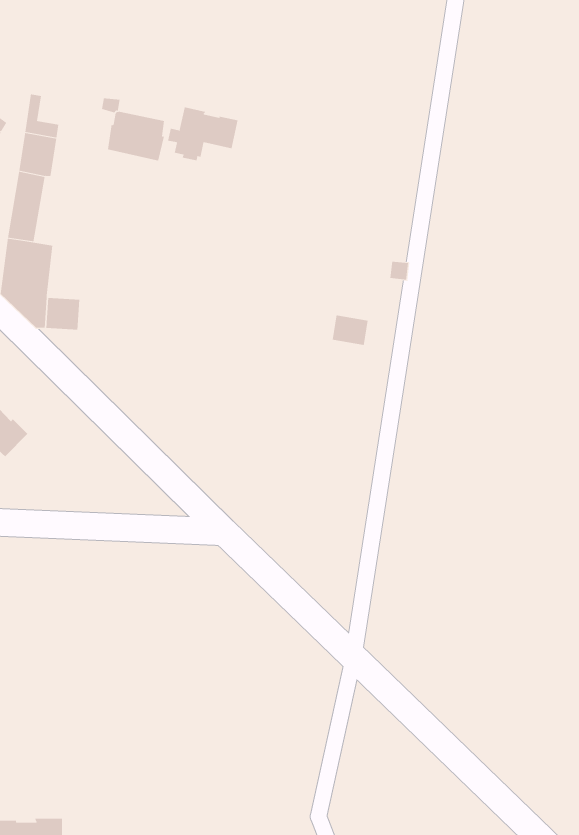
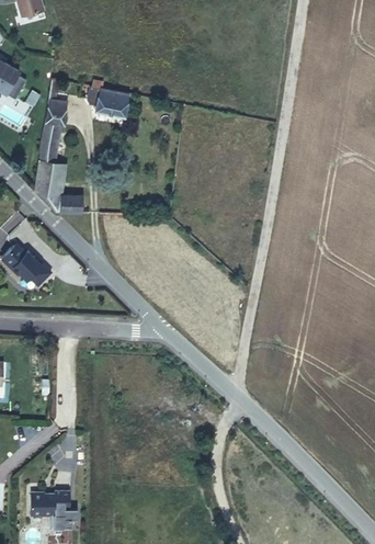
building: [168,106,238,161] -> none

